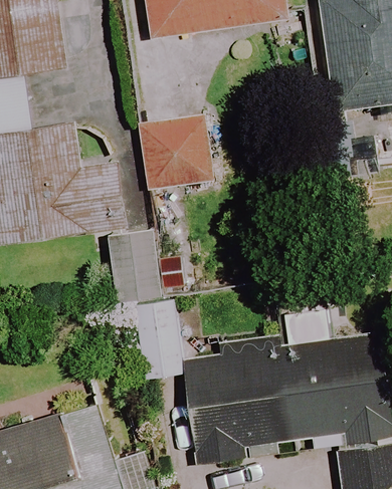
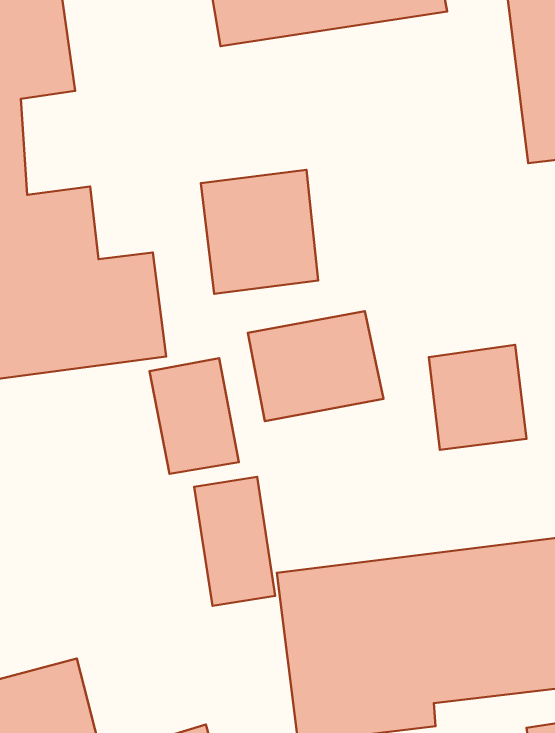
building: none -> [248,311,383,421]
building: none -> [429,345,527,450]

